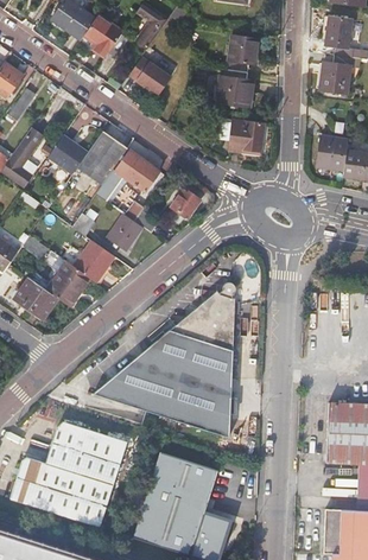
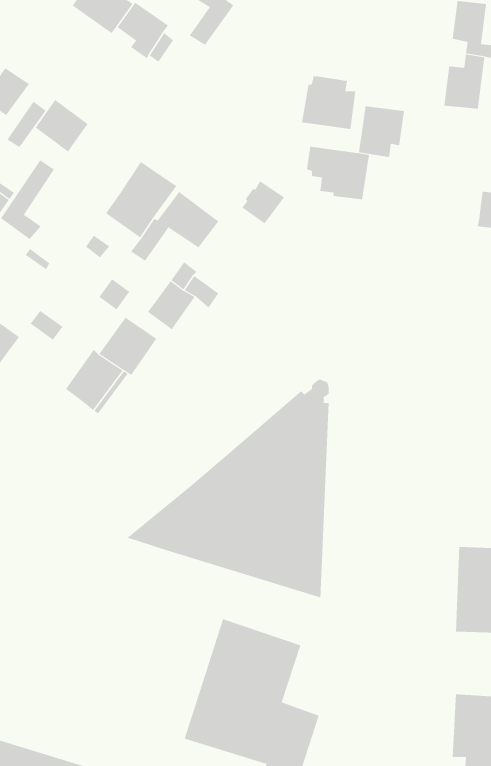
building: [227,36,260,72] -> [358,106,405,158]
building: [128,56,172,97] -> none
building: [49,135,87,173] -> [35,99,88,153]
building: [315,136,345,170] -> none
building: [170,189,201,219] -> [241,181,285,224]
building: [14,278,58,319] -> none
building: [8,425,127,528] -> none

